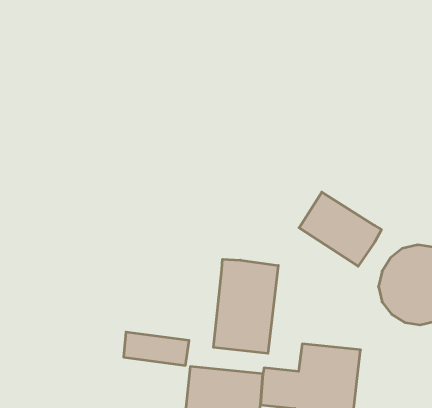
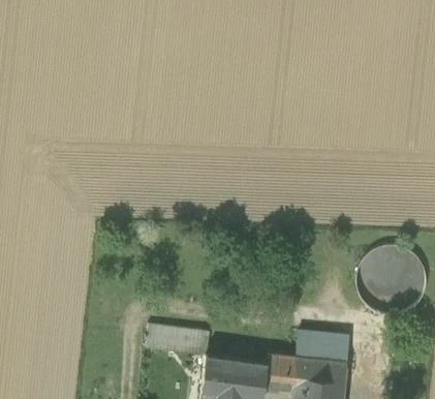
building: [299,192,381,266] -> none
building: [214,259,278,353] -> none

